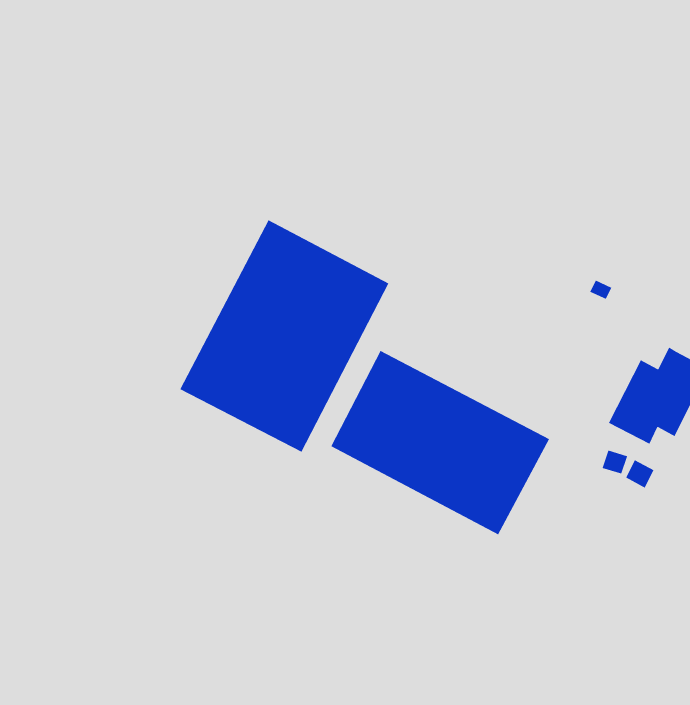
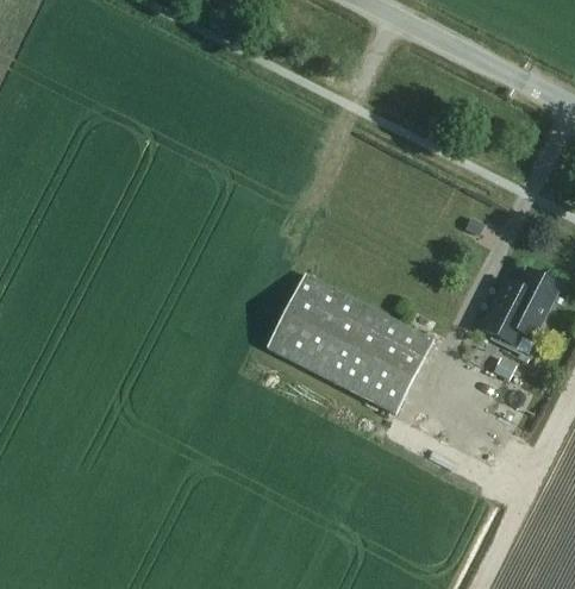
building: [179,219,389,453] -> none

